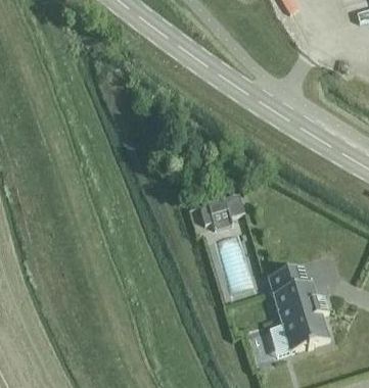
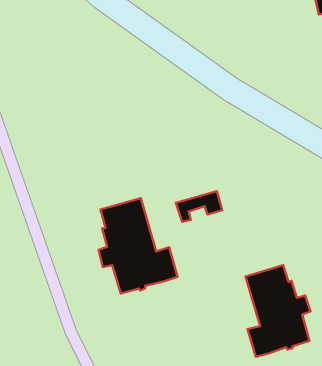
building: none -> [99,198,178,293]

